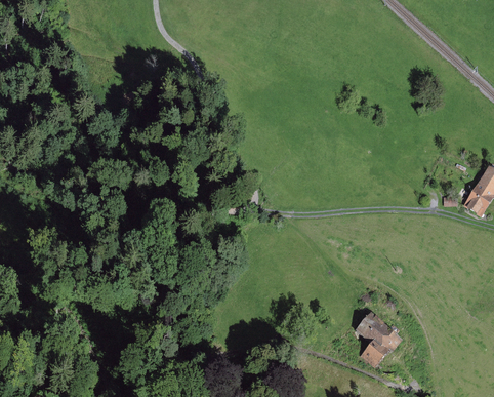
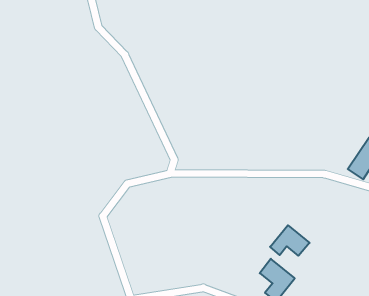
building: none -> [270,225,310,256]

